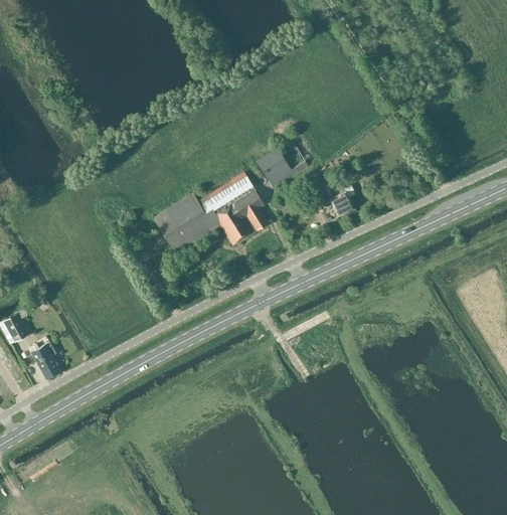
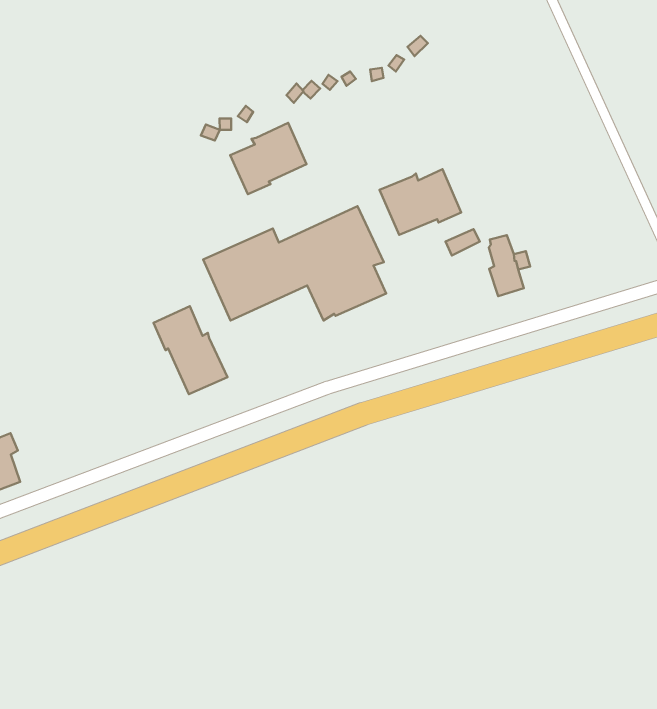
building: none -> [230,123,306,194]
building: none -> [153,306,227,394]

